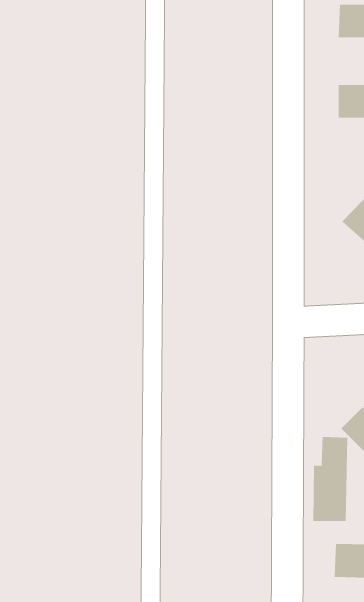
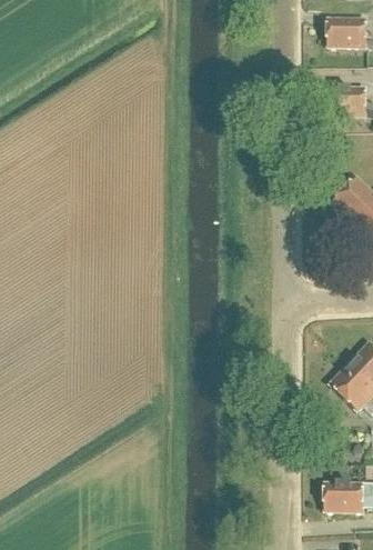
building: [313,436,348,522] -> none

